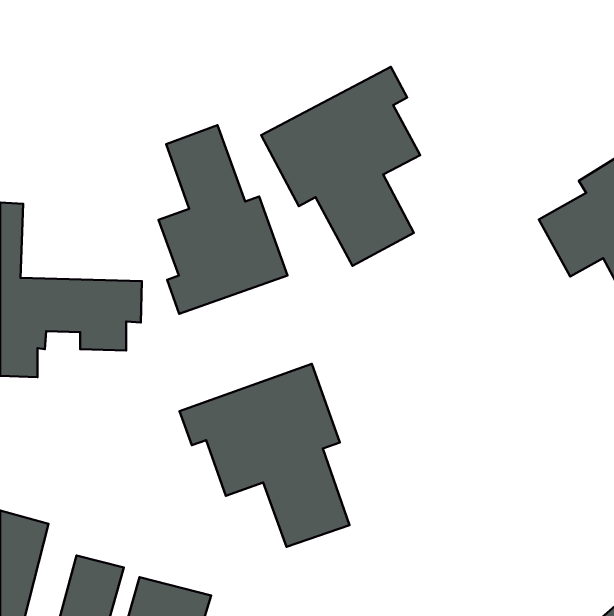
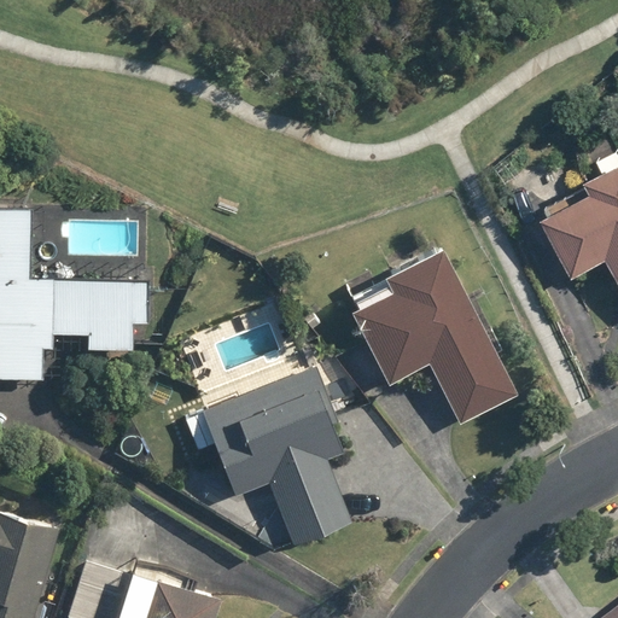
building: [261,67,420,266] -> none
building: [159,125,287,314] -> none
building: none -> [345,246,514,426]

